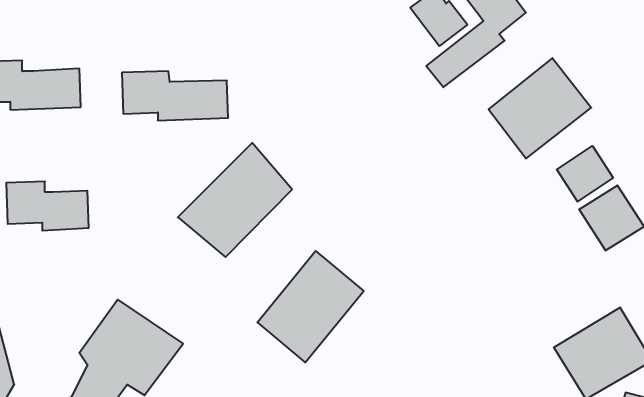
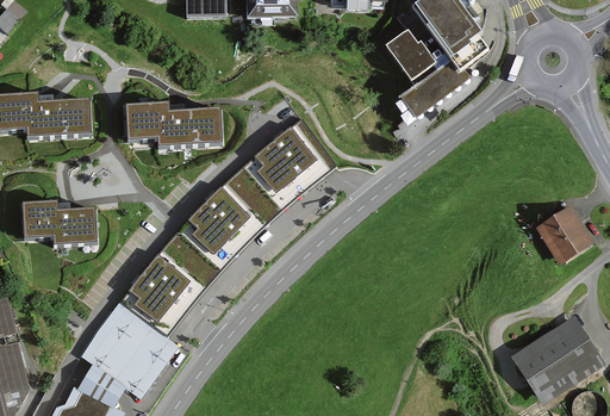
building: [489,58,591,159] -> none
building: none -> [242,119,334,209]
building: [557,146,613,202] -> none
building: [257,251,364,362] -> [123,234,218,334]

